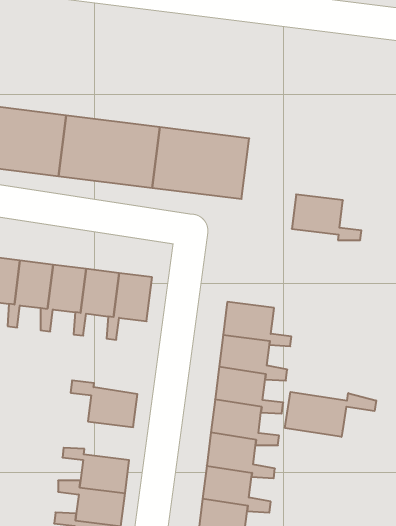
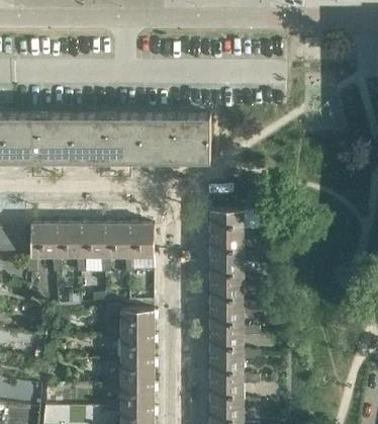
building: [292,194,361,240] -> [209,211,260,241]
building: [285,392,376,437] -> none
building: none -> [104,332,153,360]

